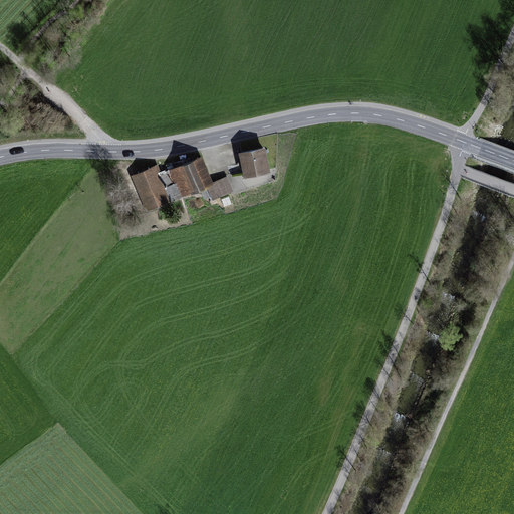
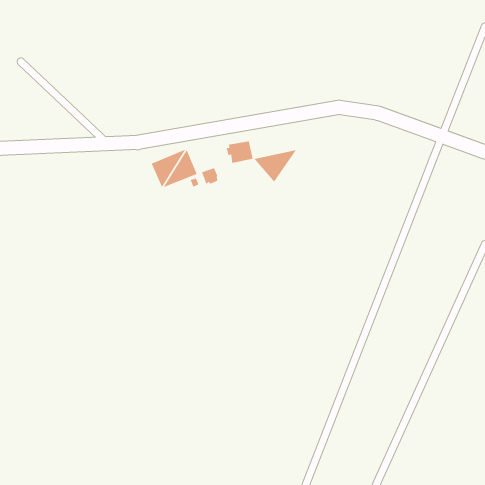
building: none -> [253,149,297,183]
building: [136,166,171,208] -> none

